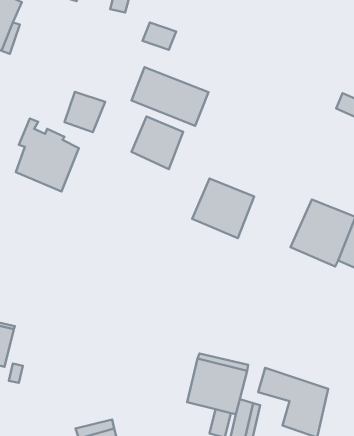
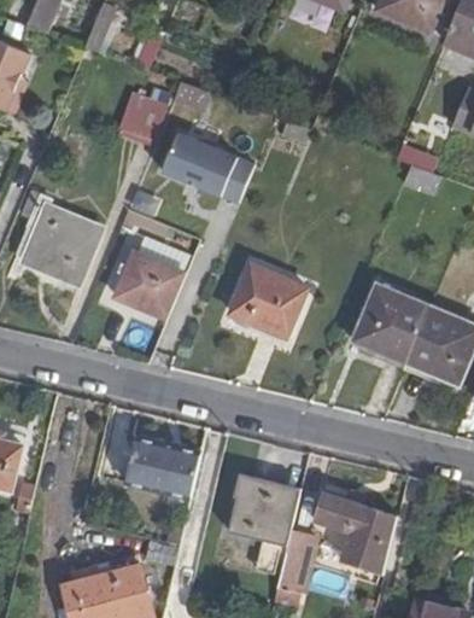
building: [65,92,105,132] -> [118,94,166,142]
building: [131,117,183,169] -> [119,255,181,317]
building: none -> [124,441,198,492]

